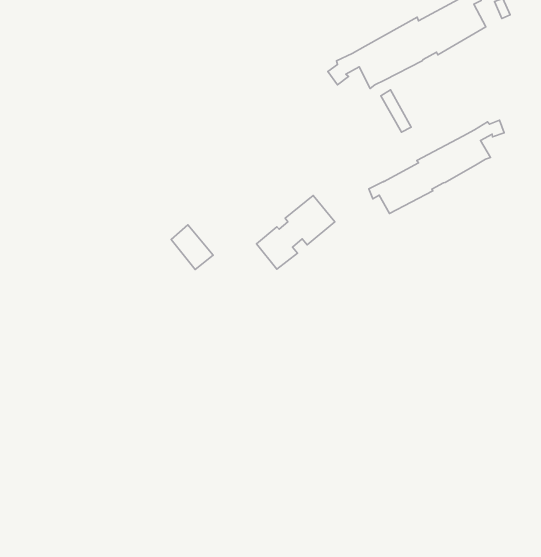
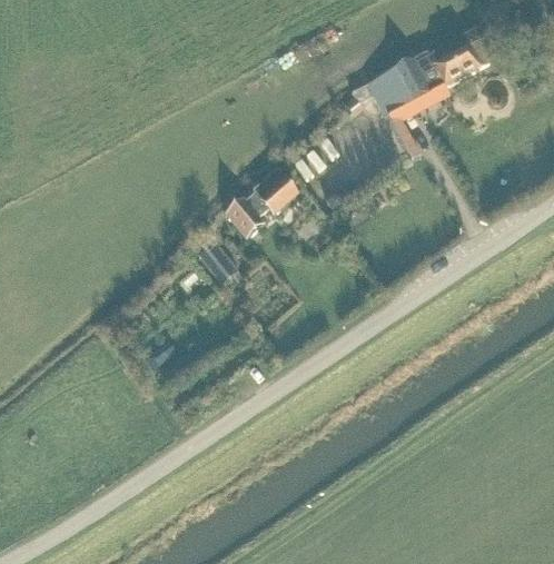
building: [369,120,504,213] -> none
building: [256,195,335,269] -> [225,168,297,236]

